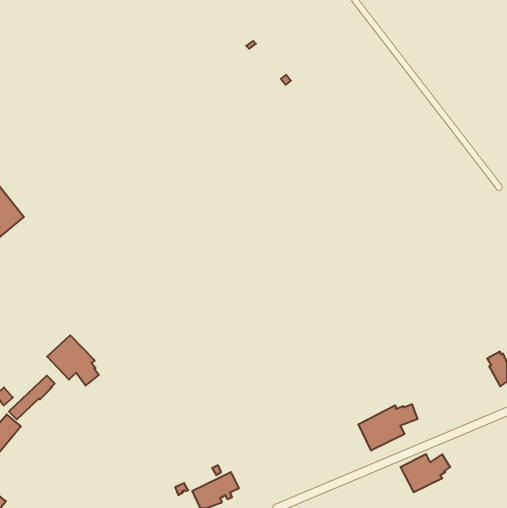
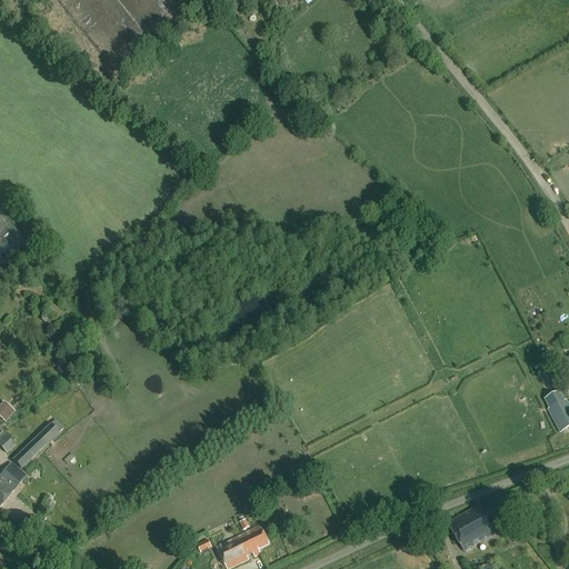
building: [47,335,99,386] -> none
building: [359,404,417,451] -> none

